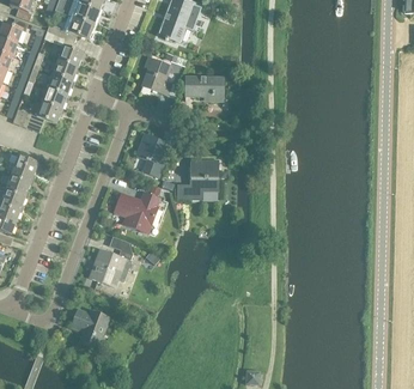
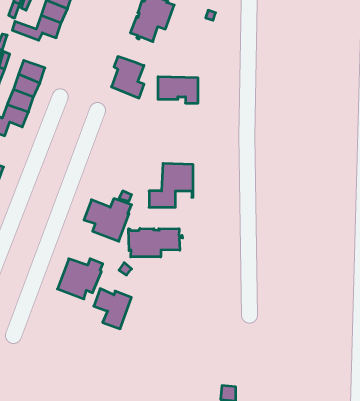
building: [43,31,83,67] -> none
building: [135,133,164,177] -> none
building: none -> [129,228,183,257]
building: [71,309,106,347] -> [94,289,131,329]

